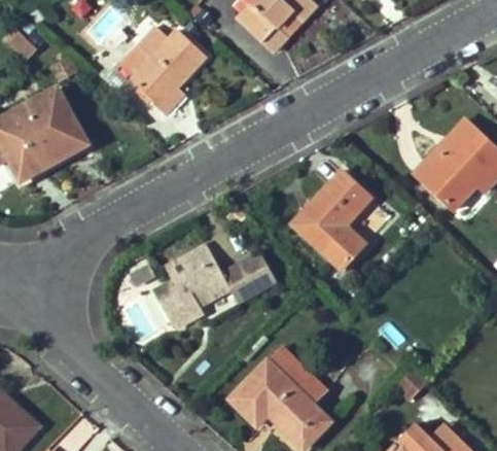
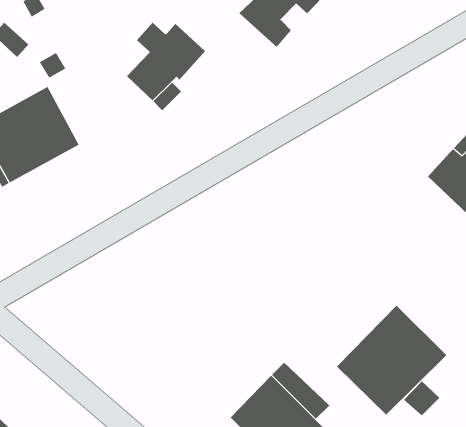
building: [289,171,369,267] -> none
building: [155,246,275,327] -> none
building: none -> [336,305,447,416]

